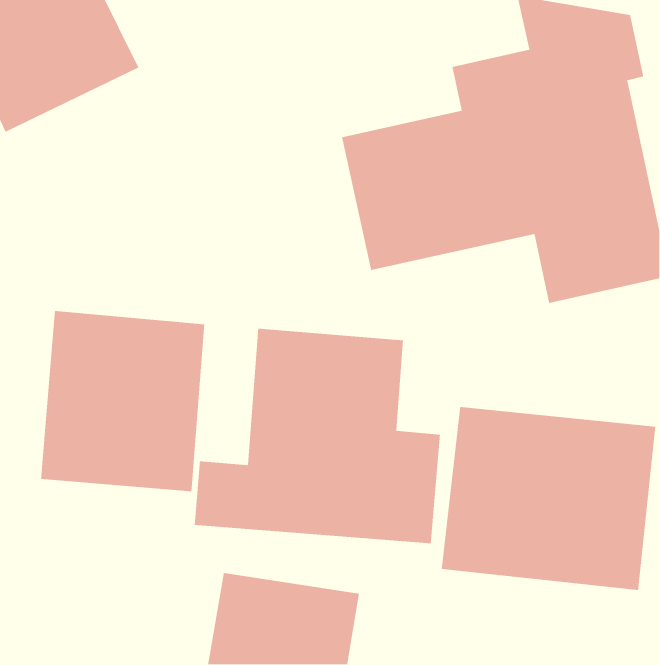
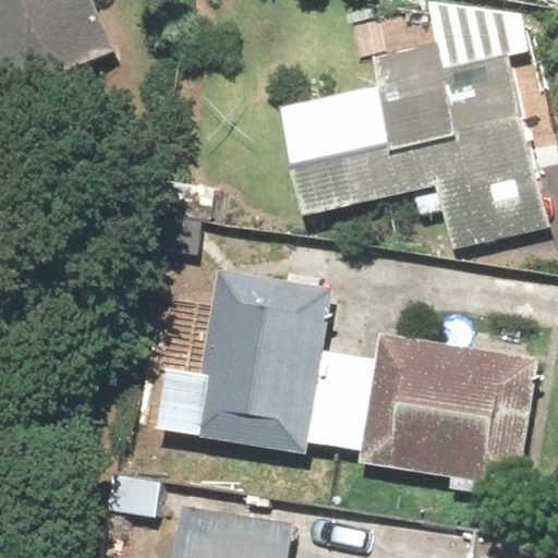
building: [40,310,205,492] -> none

